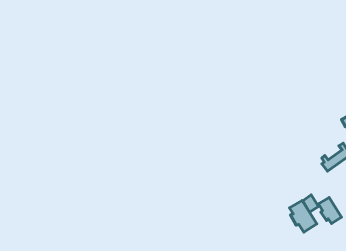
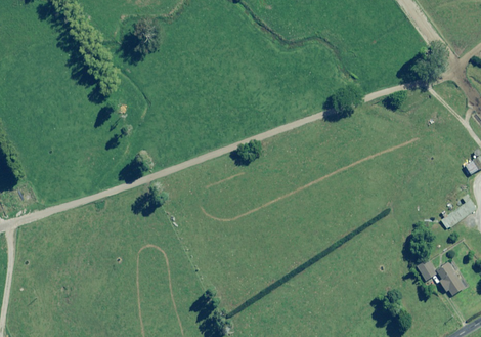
building: [290,201,317,232] -> none

